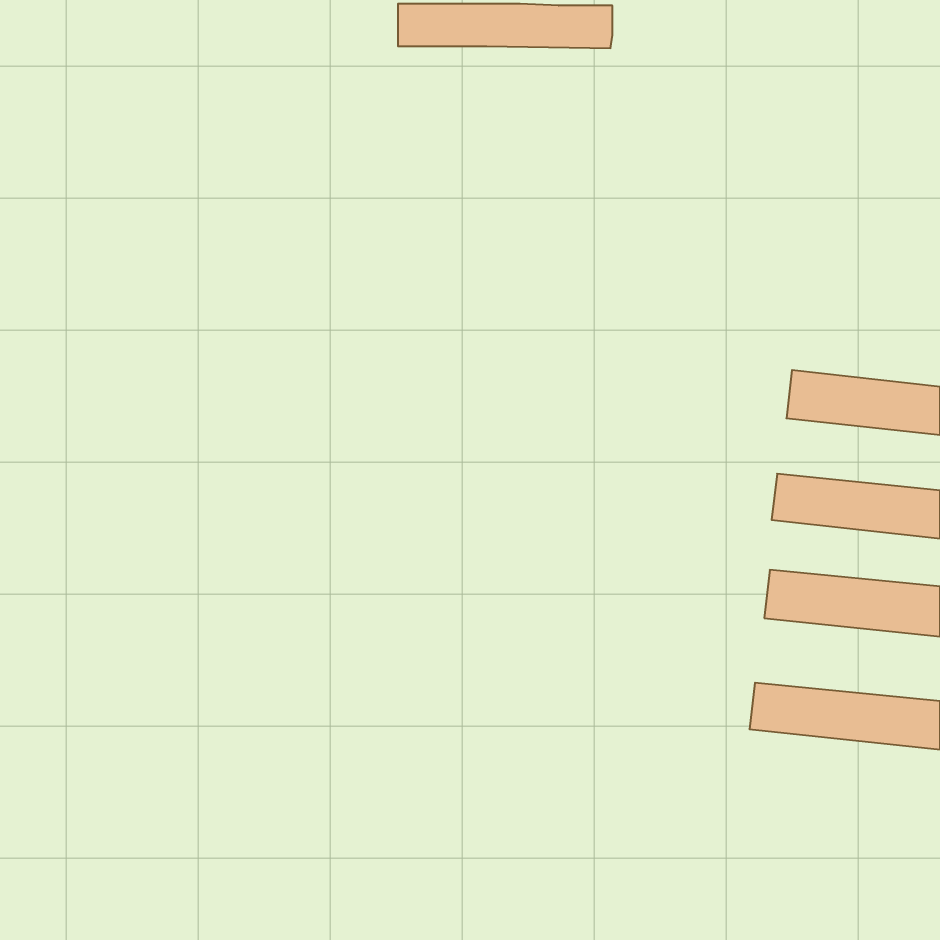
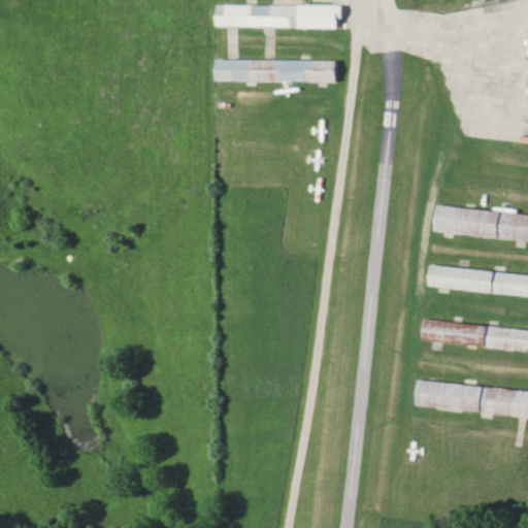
building: none -> [222,60,338,82]

